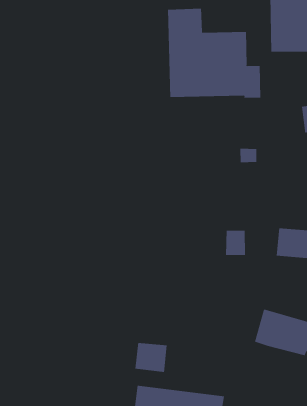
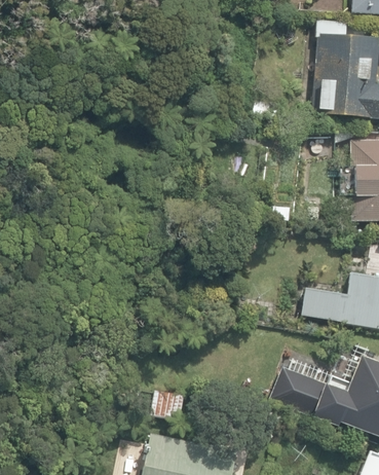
building: [167,8,261,98] -> none

